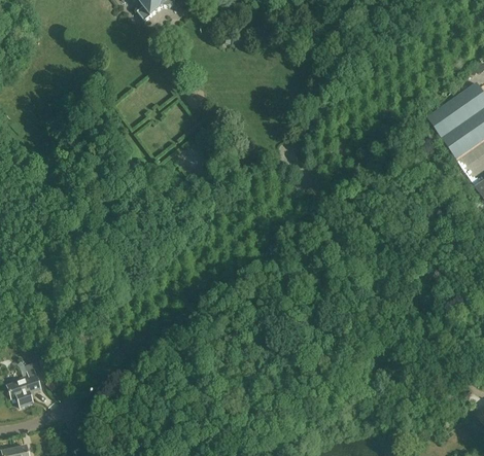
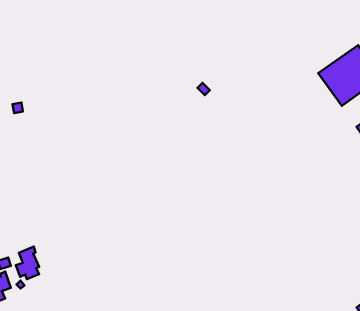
building: none -> [16,247,39,279]

